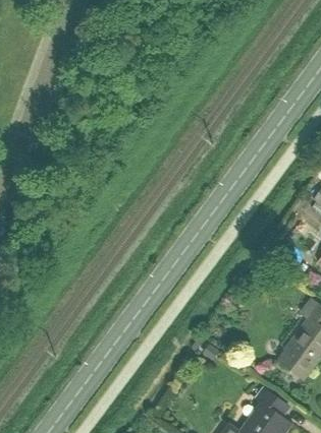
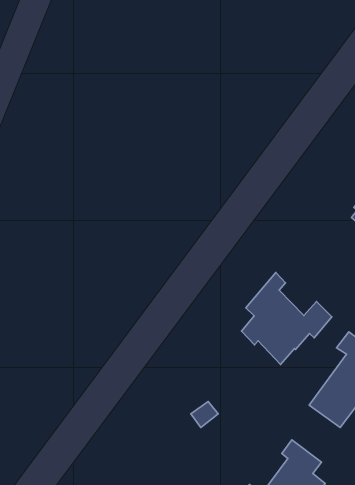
building: none -> [241,273,332,364]

